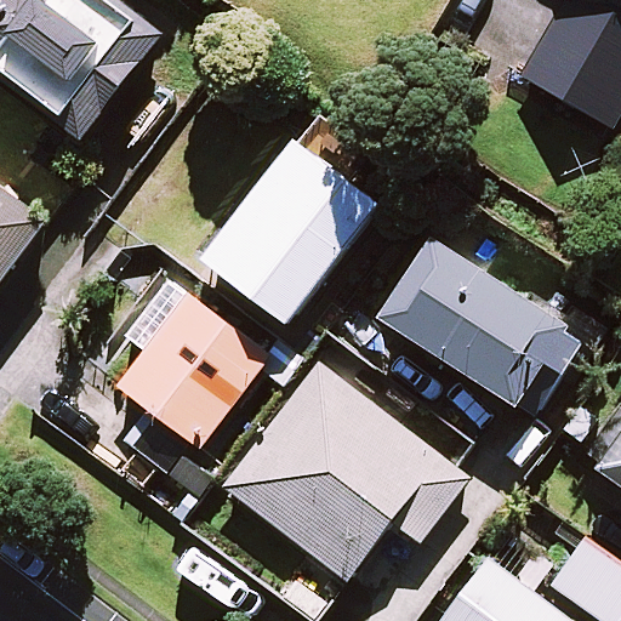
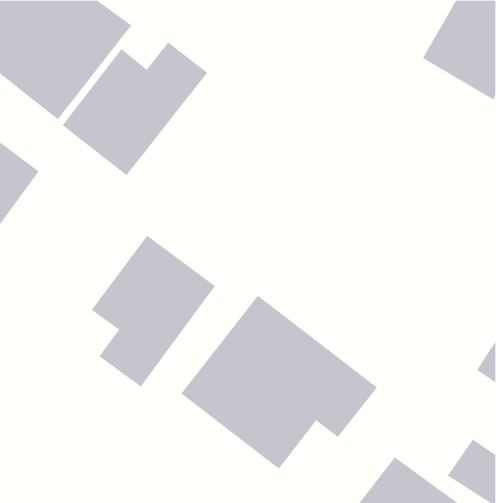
building: none -> [62,41,208,176]
building: [206,138,378,319] -> none
building: [324,221,586,414] -> none

